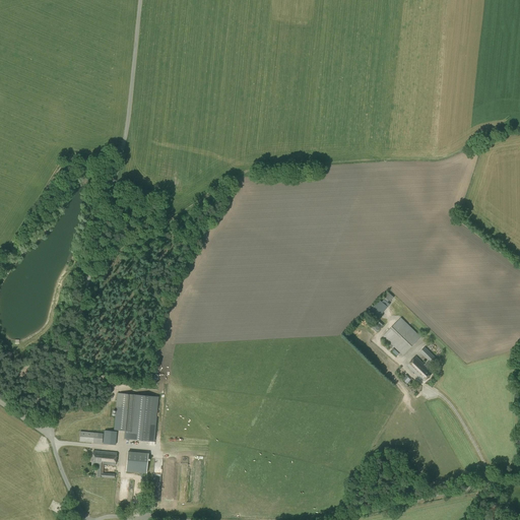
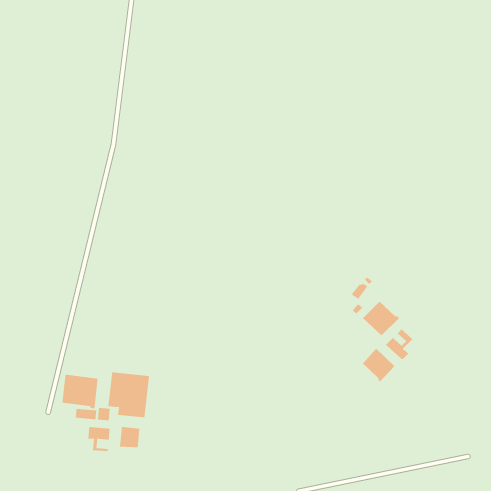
building: none -> [362,348,395,382]
building: none -> [62,374,98,409]

